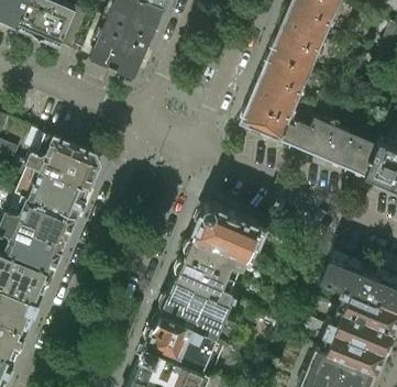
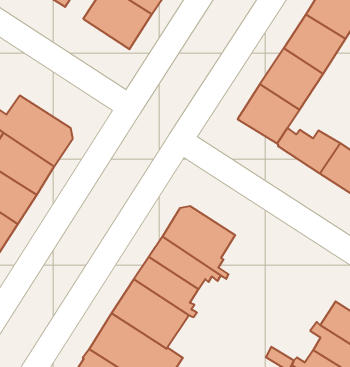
building: [320,258,353,291] -> none

